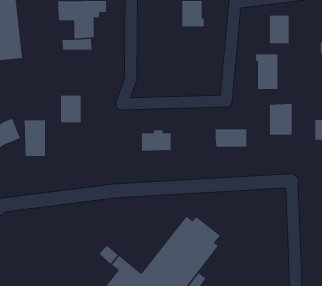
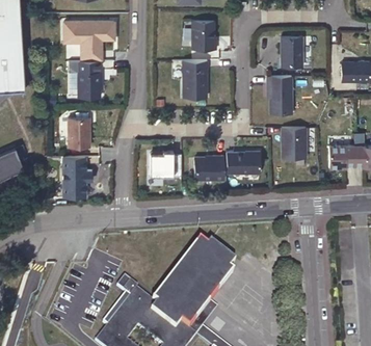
building: none -> [182,61,207,99]
building: none -> [77,74,102,99]
building: [24,119,46,157] -> [61,158,84,196]
building: none -> [194,157,223,181]

